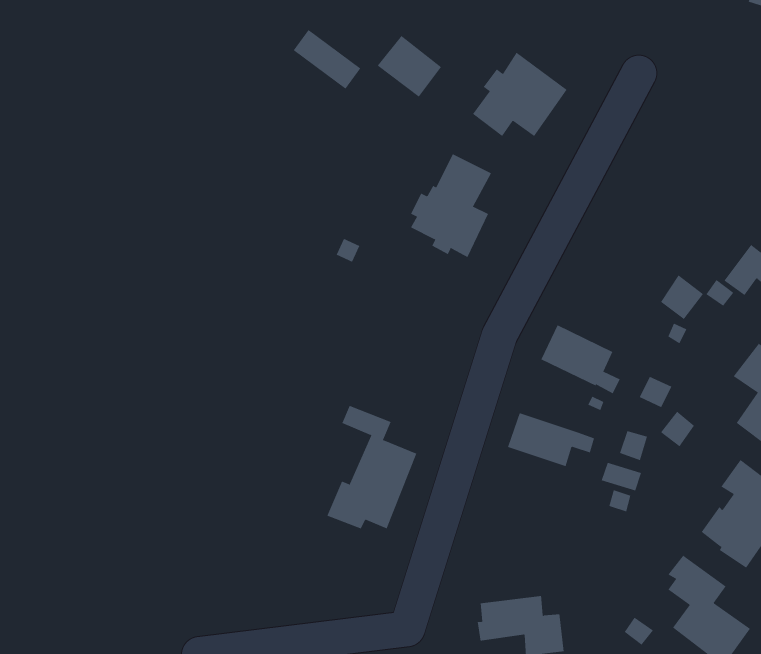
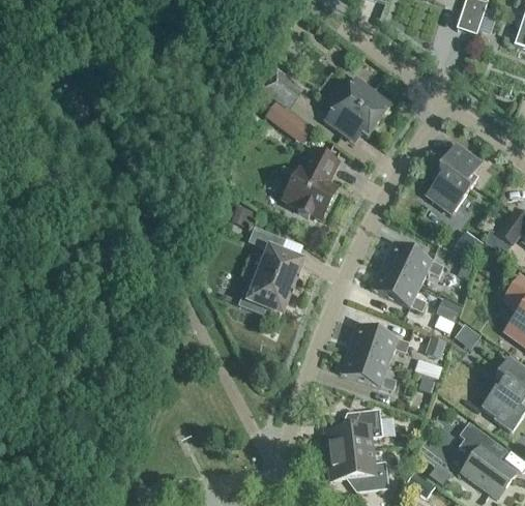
building: [293,29,361,90] -> [265,101,312,143]
building: none -> [426,143,482,212]
building: none -> [383,241,443,282]
building: [326,405,417,529] -> [239,228,301,312]
building: none -> [341,348,397,390]
building: none -> [324,409,382,454]

